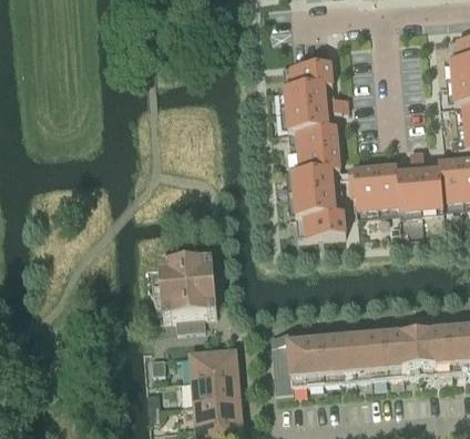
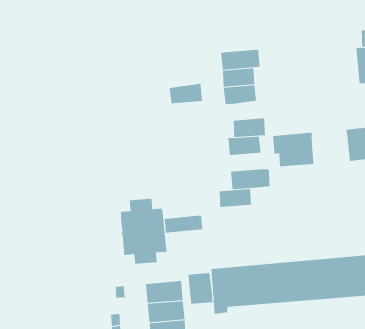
building: [296,126,338,152] -> [169,83,203,104]
building: [397,171,443,214] -> none
building: [294,192,335,215] -> [219,189,252,207]
building: none -> [164,215,203,234]
building: none -> [188,272,213,305]

